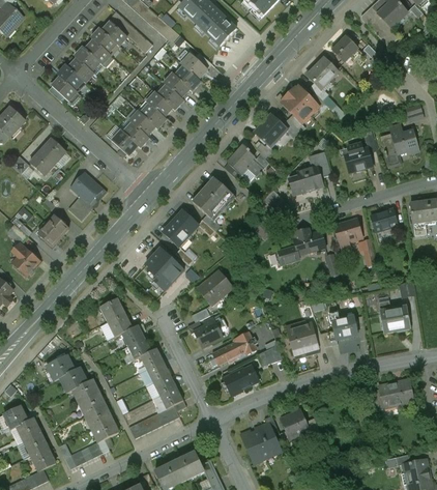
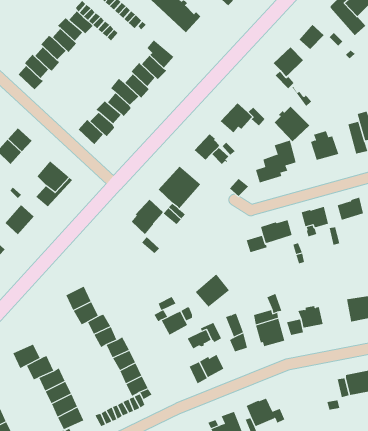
building: [282,85,318,121] -> [274,106,310,142]
building: [146,247,184,290] -> none
building: [198,269,233,304] -> [195,273,230,308]

